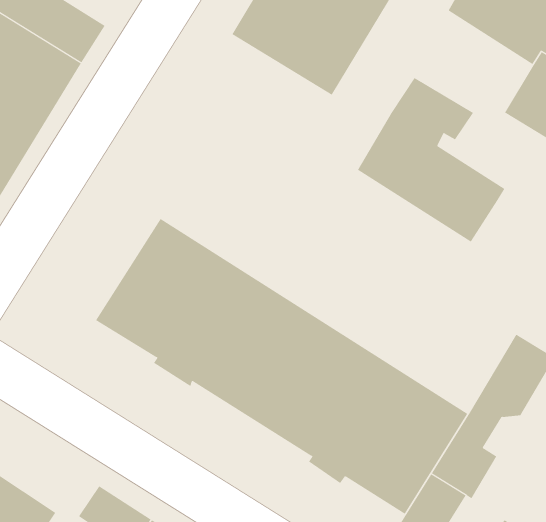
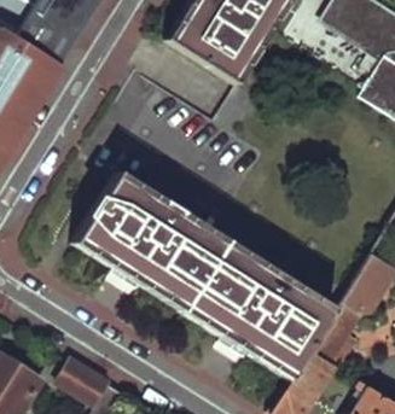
building: [357,77,505,243] -> none

